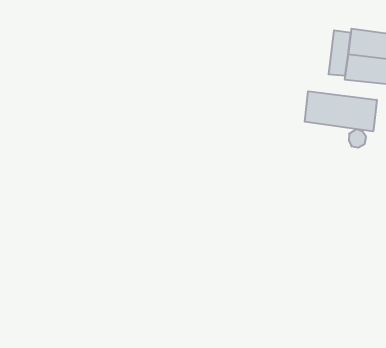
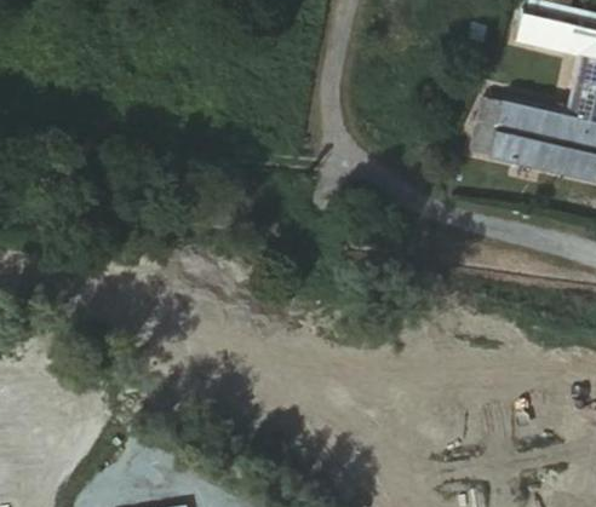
building: [305,91,377,131] -> none

